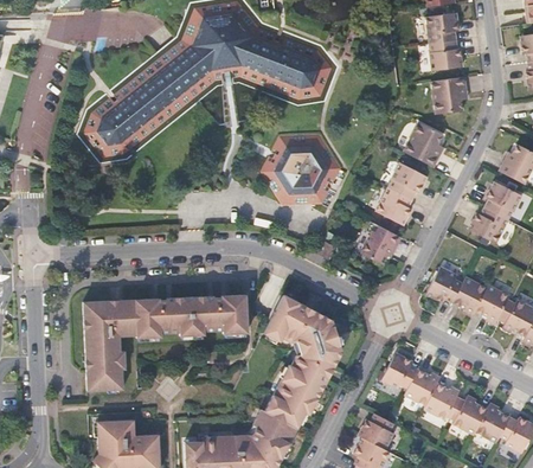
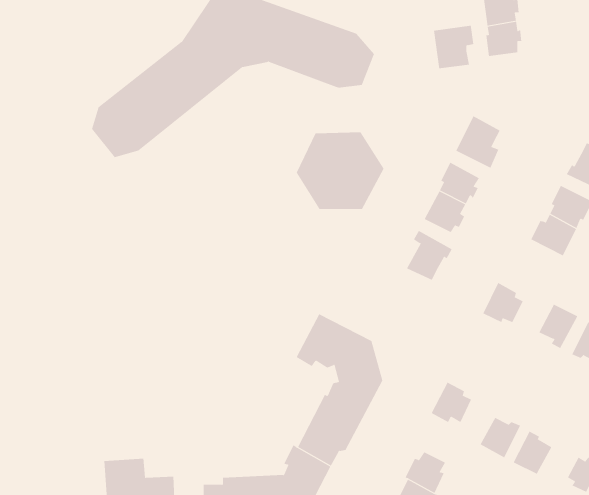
building: [431,77,467,115] -> [433,25,474,69]
building: [452,276,487,316] -> none
building: [83,294,248,391] -> none
building: [404,367,441,404] -> none
building: [475,403,509,441] -> none

